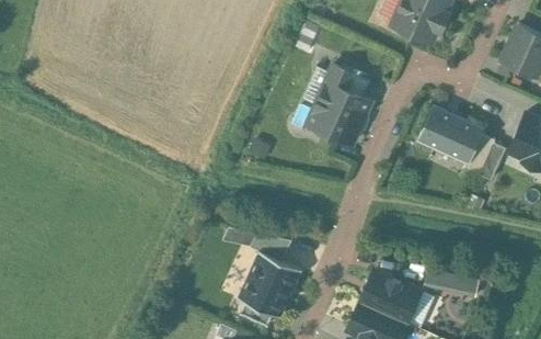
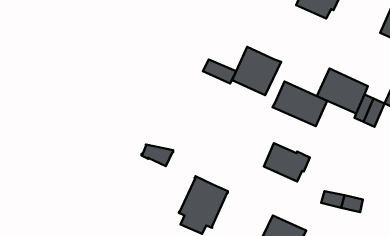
building: [326,65,370,97] -> [203,59,236,84]
building: none -> [273,81,327,126]
building: [250,233,291,261] -> [142,144,173,166]
building: [360,271,421,321] -> [264,143,310,182]

